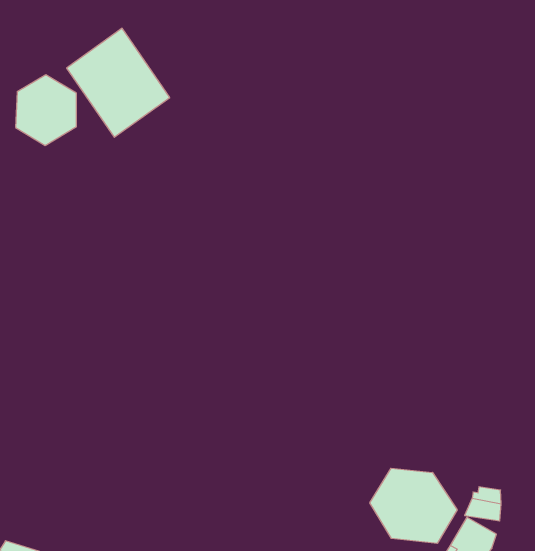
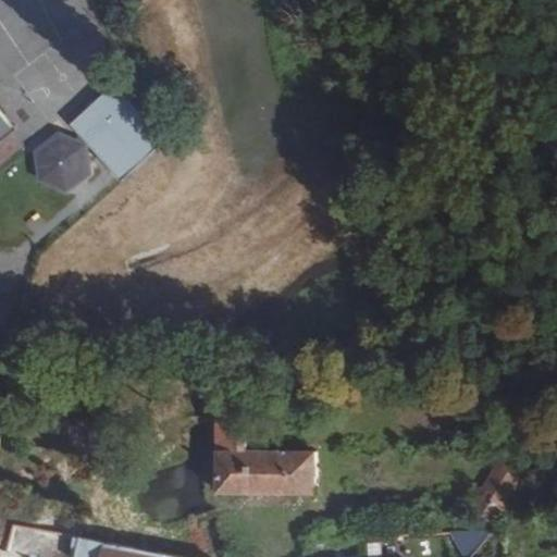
building: none -> [214,421,320,505]
building: [370,468,457,543] -> none

